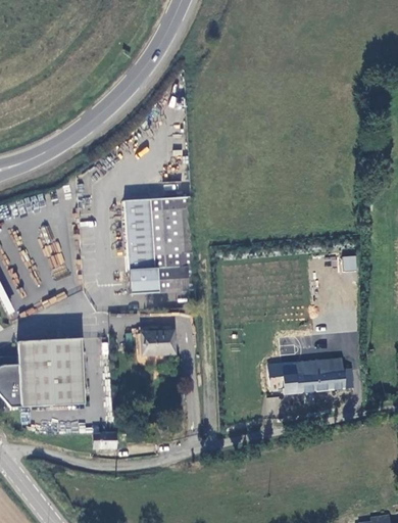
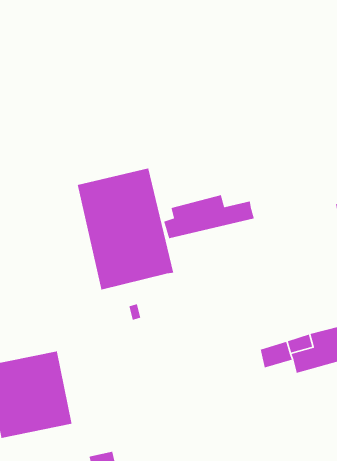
building: none -> [163,194,255,239]
building: [140,331,172,354] -> none

